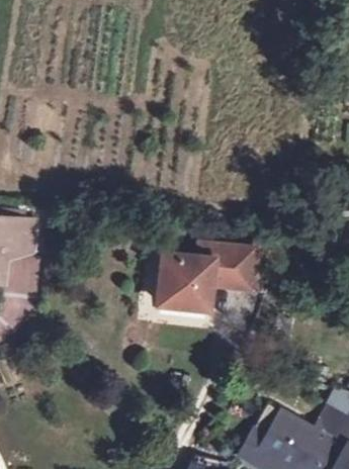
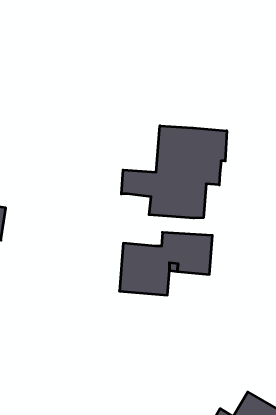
building: none -> [121,126,227,218]

